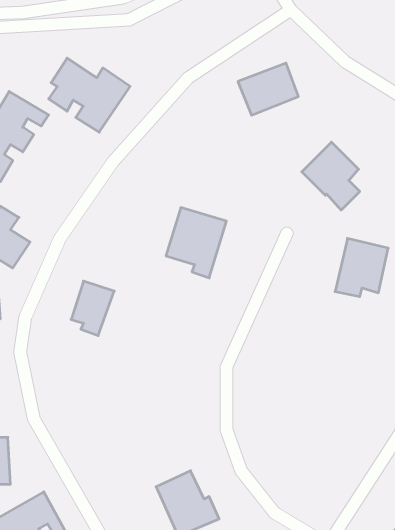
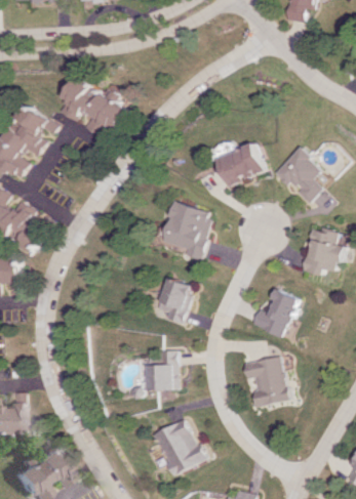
building: [238,63,298,115] -> [213,143,264,186]
building: [71,281,114,336] -> [155,278,191,323]
building: none -> [250,289,298,337]
building: none -> [147,350,175,390]
building: none -> [241,357,289,407]

